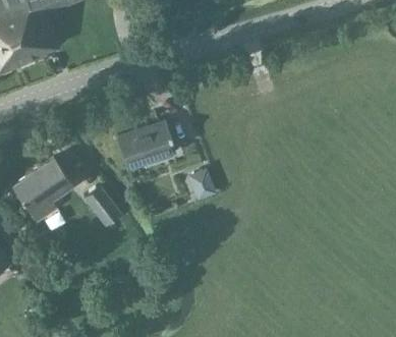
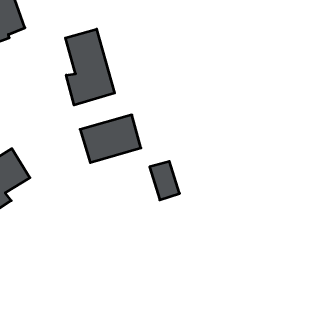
building: none -> [65,29,115,105]
building: [83,184,121,225] -> none

